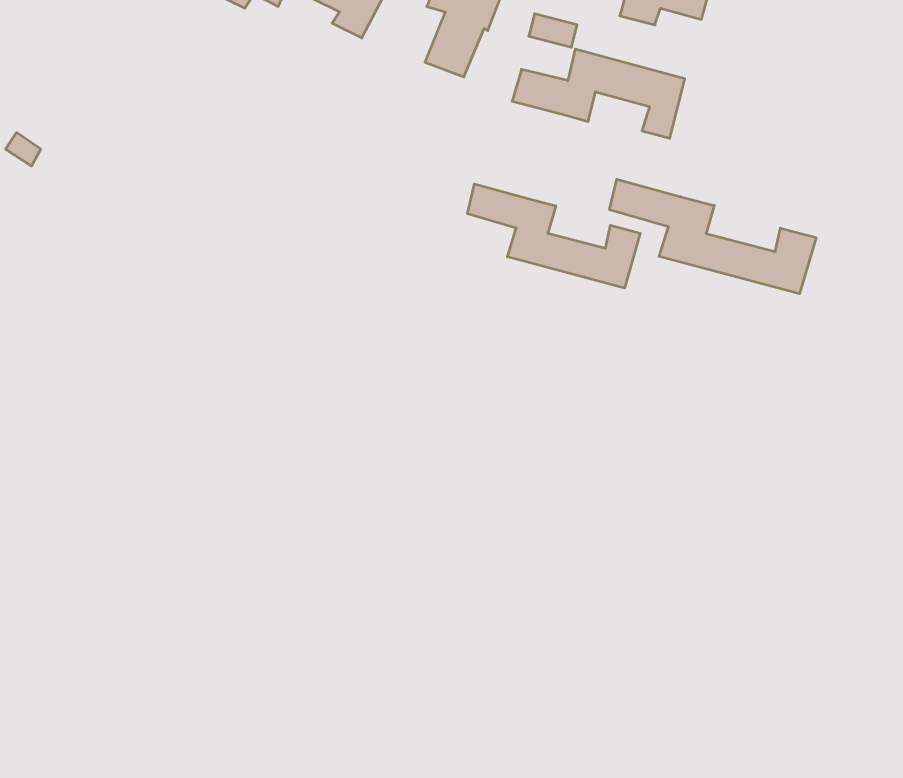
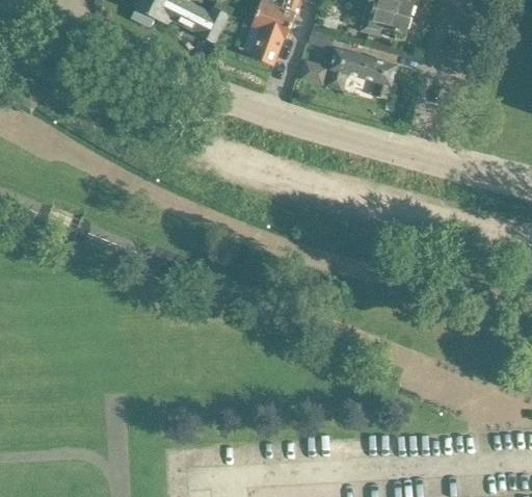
building: [610,179,816,294] -> none
building: [467,184,640,288] -> none

